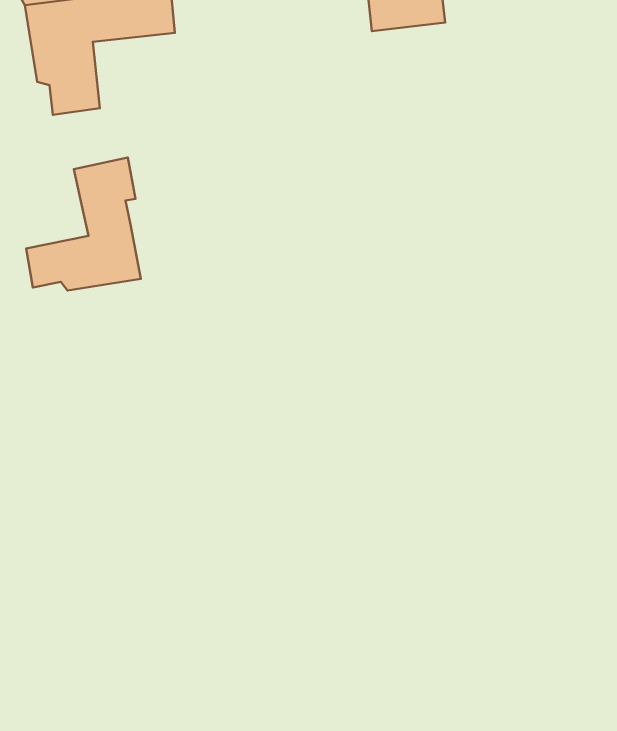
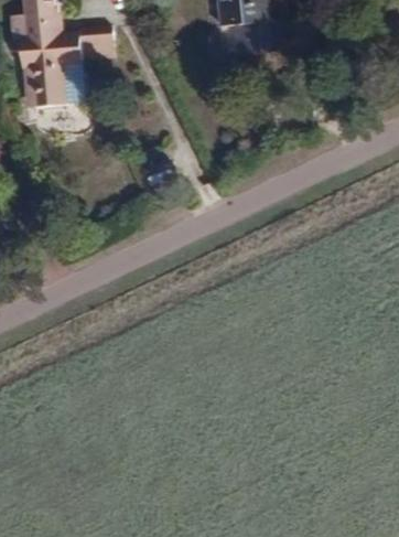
building: [26,157,141,291] -> none

